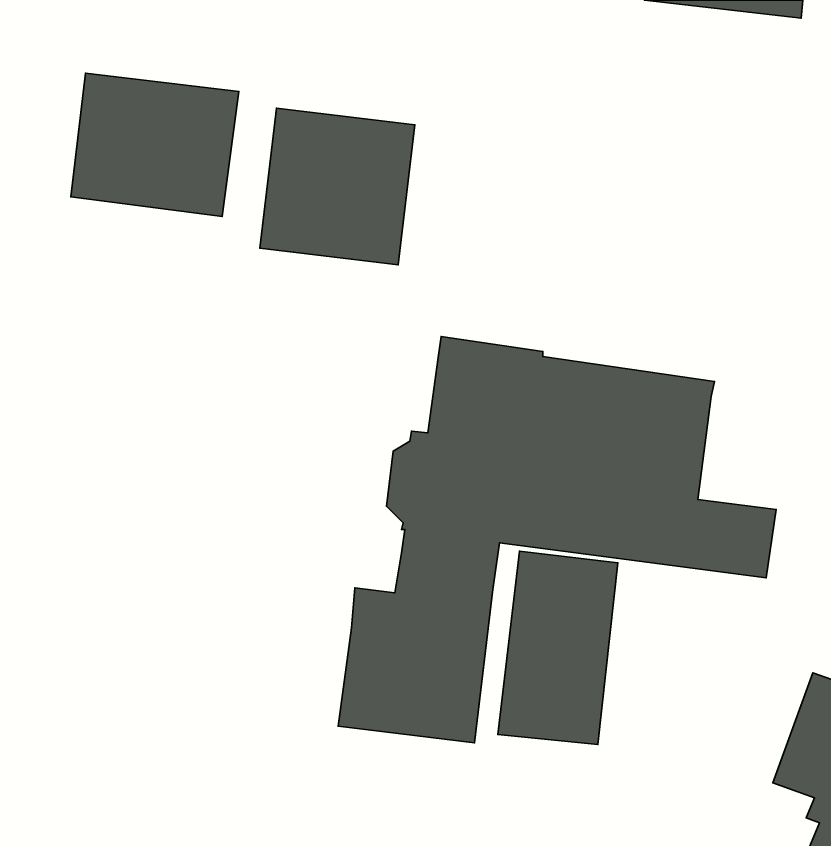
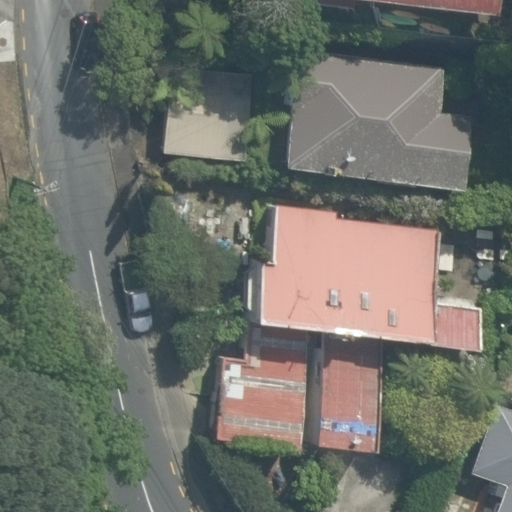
building: [71,73,239,217] -> none
building: none -> [287,51,472,189]

